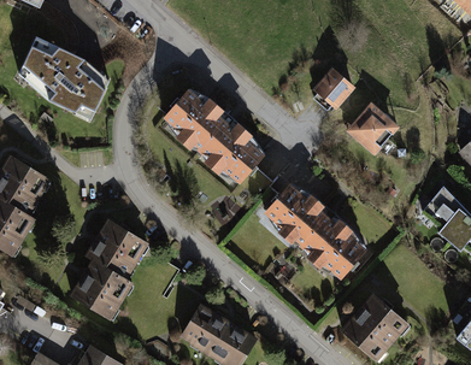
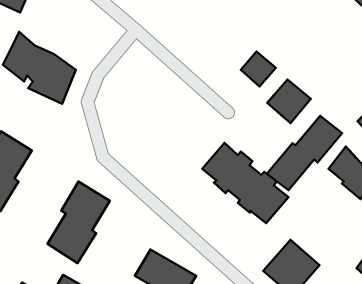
building: [161,82,267,181] -> none
building: none -> [267,116,342,190]

